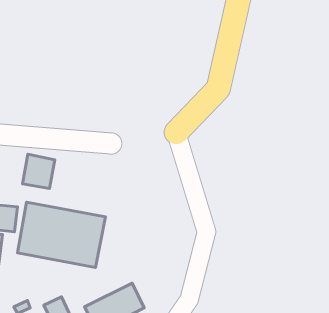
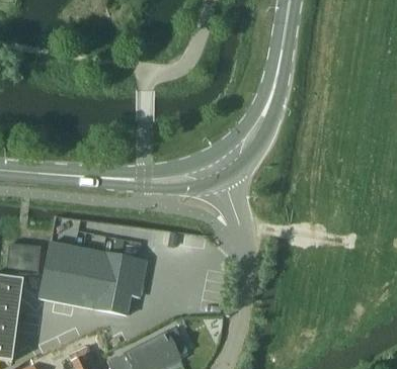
building: [22,154,55,189] -> none

